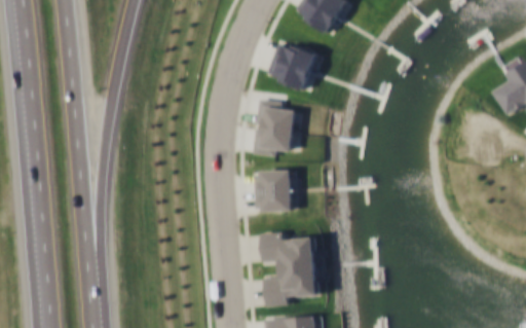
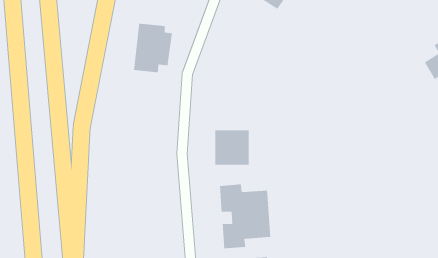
building: [274,44,317,89] -> none
building: [252,99,297,156] -> [133,23,173,73]

